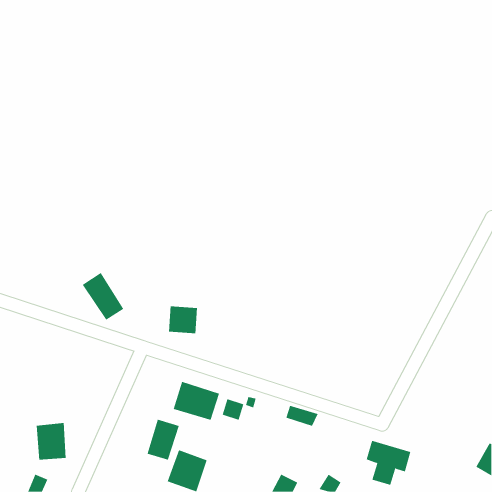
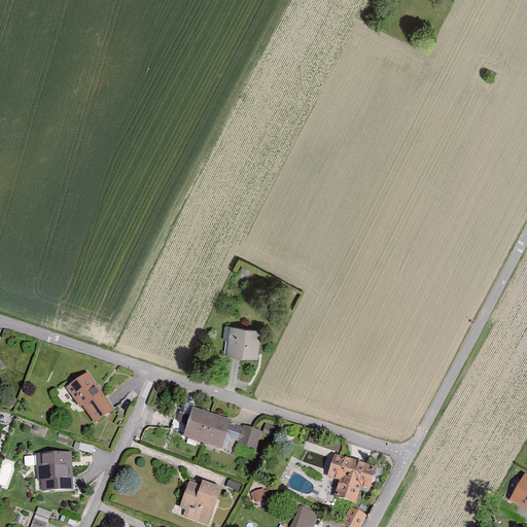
building: [82,272,124,320] -> [68,372,113,423]
building: [168,306,198,334] -> [227,326,259,356]
building: [147,419,179,460] -> none
building: [366,440,411,486] -> [329,455,378,503]

